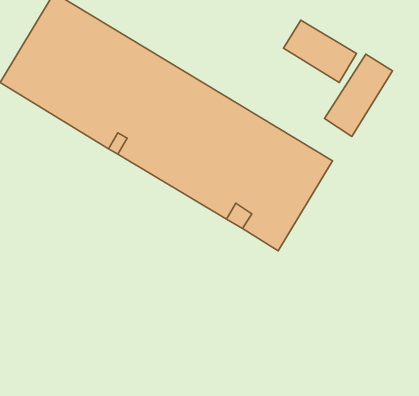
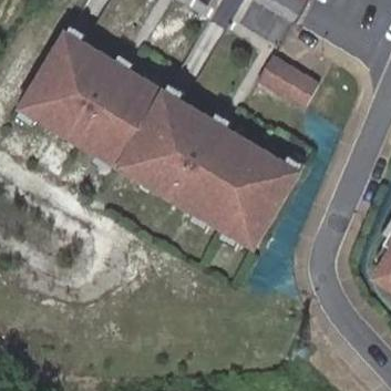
building: [325,54,393,137] -> none

